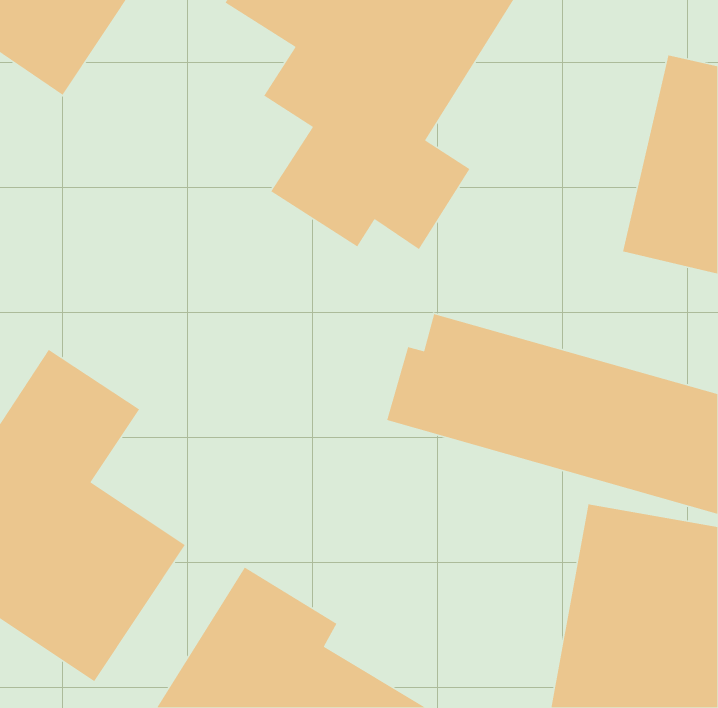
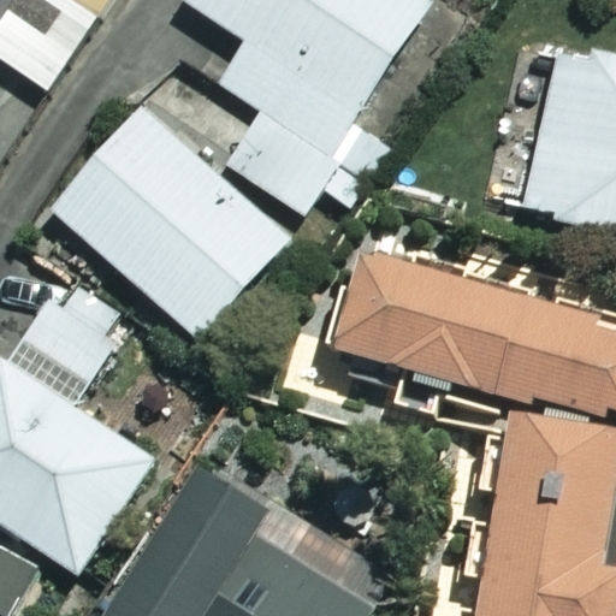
building: none -> [54,109,294,342]

